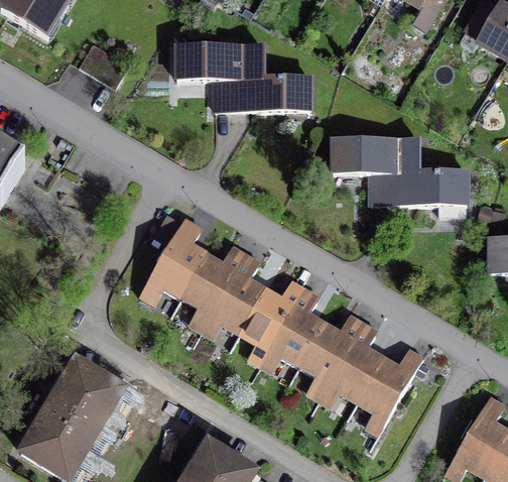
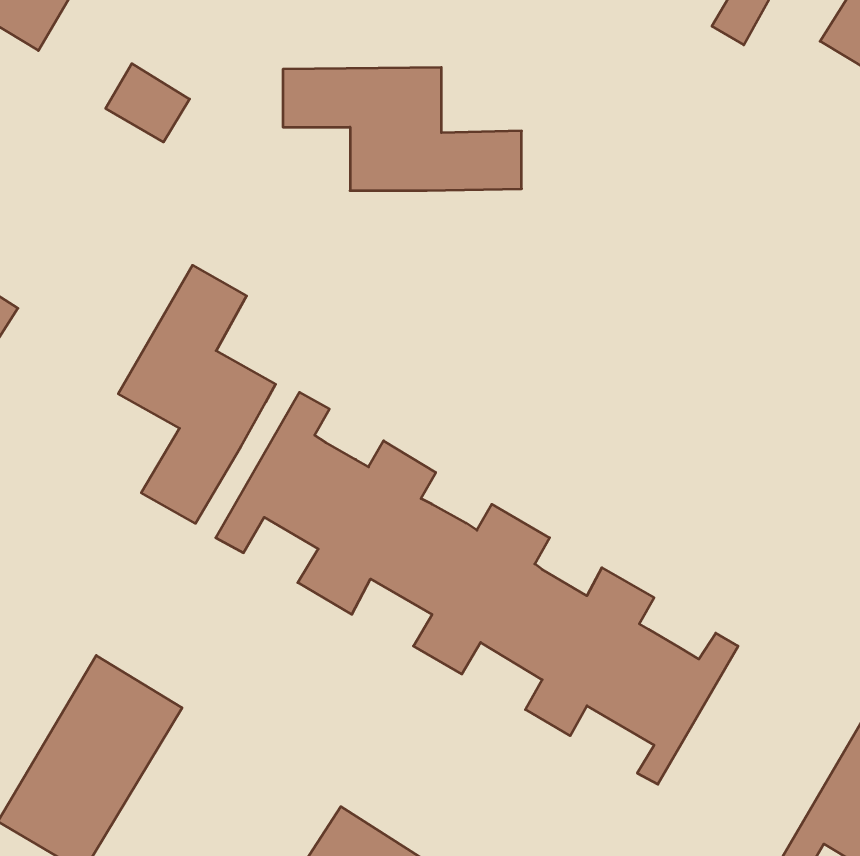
building: [331,137,462,206] -> none
building: none -> [118,265,276,523]

